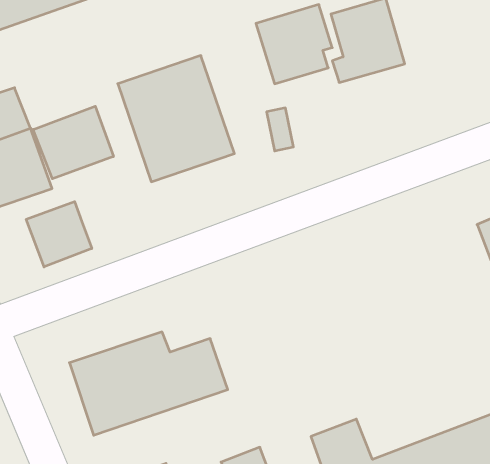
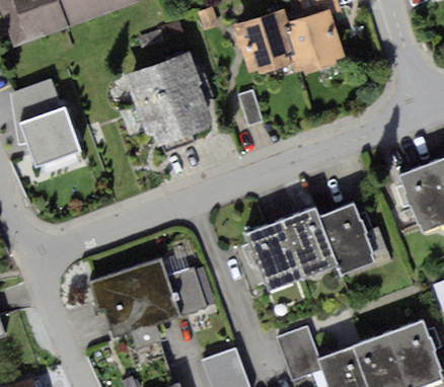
building: [33,106,113,179] -> none
building: [26,202,92,267] -> none
building: none -> [244,202,374,291]

